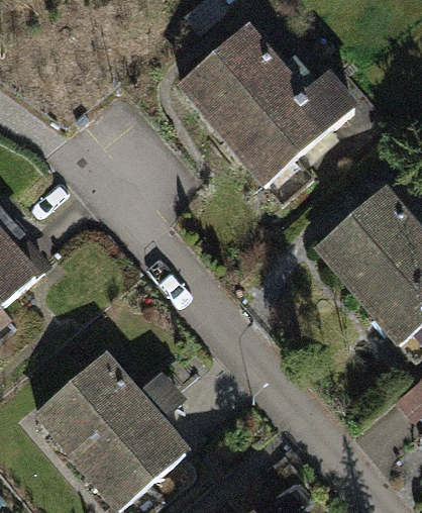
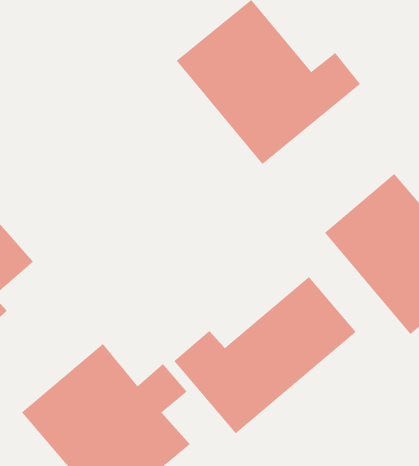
building: none -> [173,276,357,434]

